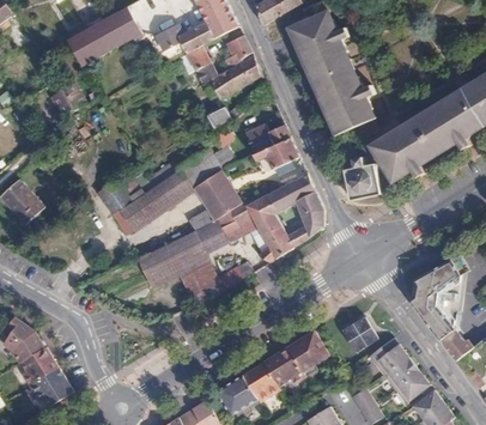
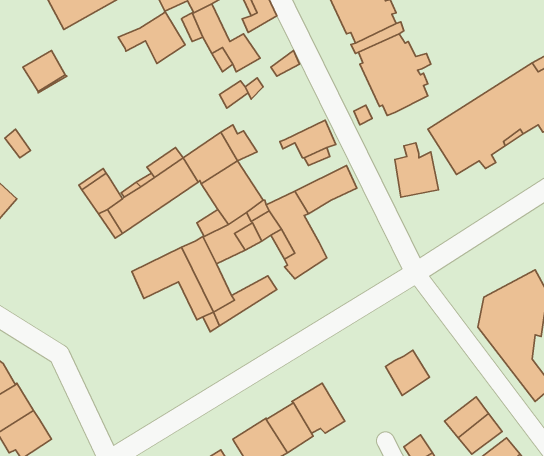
building: none -> [118,11,185,64]
building: [225,55,261,89] -> none
building: [244,125,290,153] -> none
building: [285,192,323,247] -> none
building: [287,330,329,376] -> none
building: [369,336,409,376] -> none

